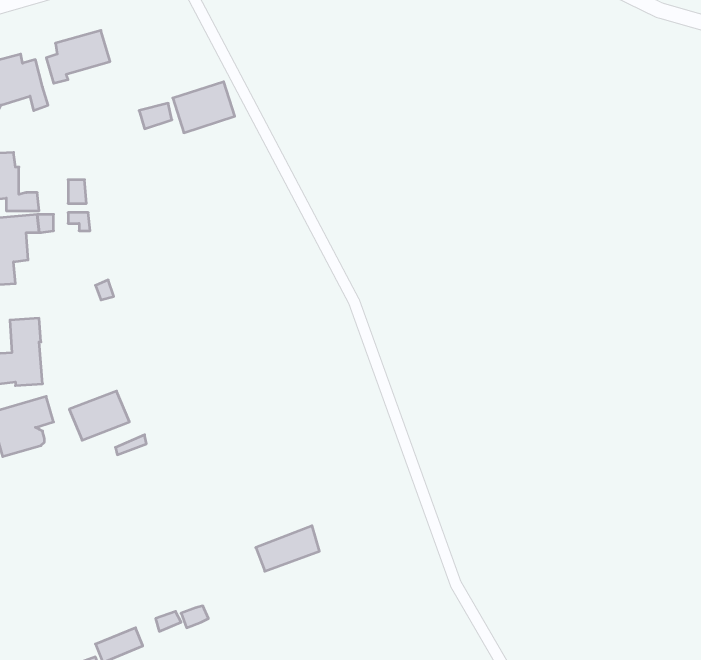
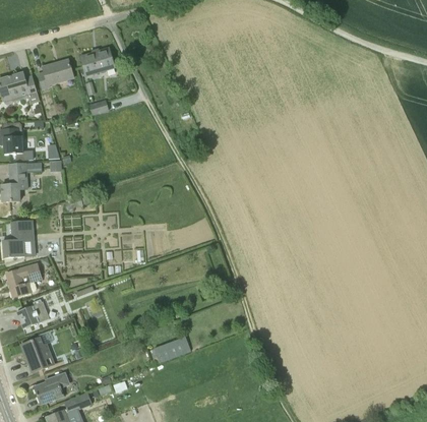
building: [173,82,235,133] -> [79,47,114,75]
building: [69,391,129,440] -> [15,301,49,328]
building: none -> [23,335,54,372]
building: none -> [33,371,68,404]

